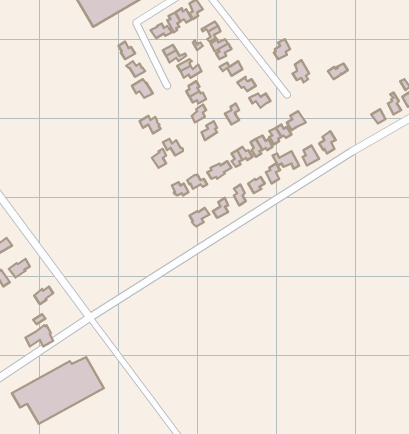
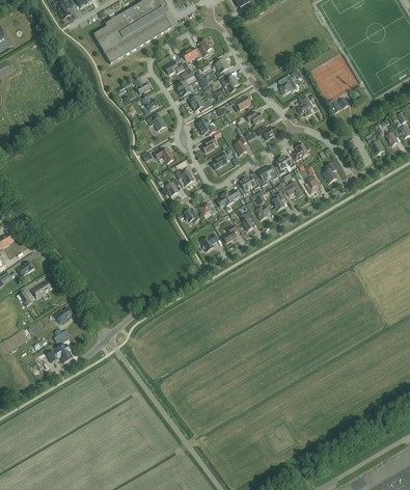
building: [12,357,104,424] -> none

